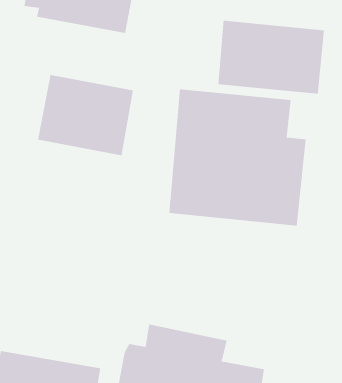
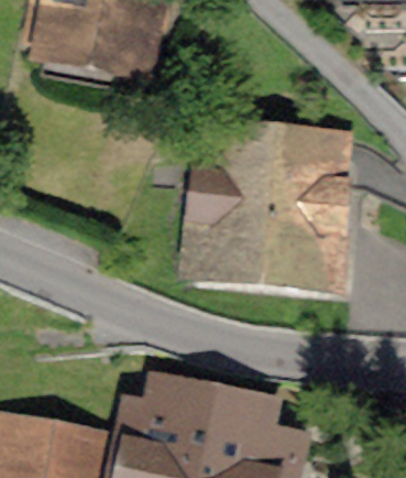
building: [218,20,324,94] -> none
building: [38,74,133,156] -> none

